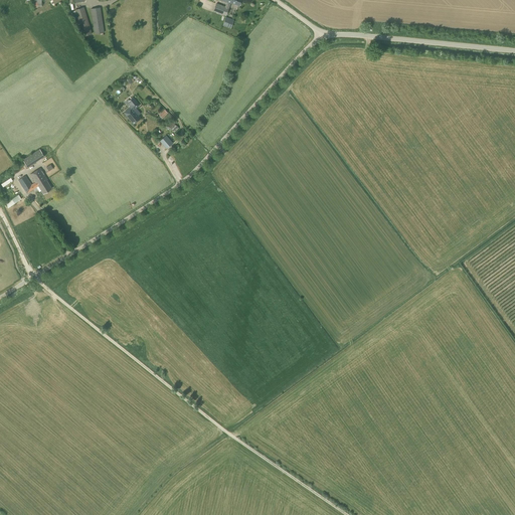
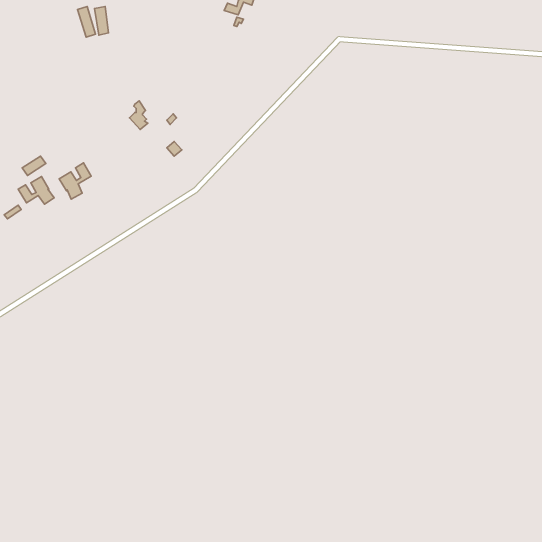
building: none -> [59,163,91,199]

